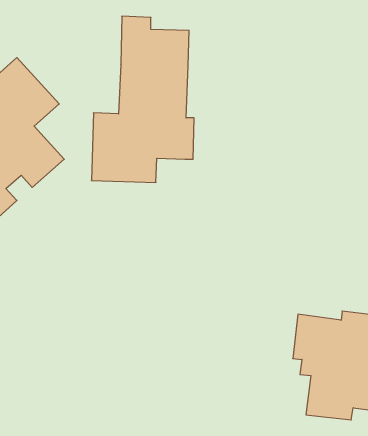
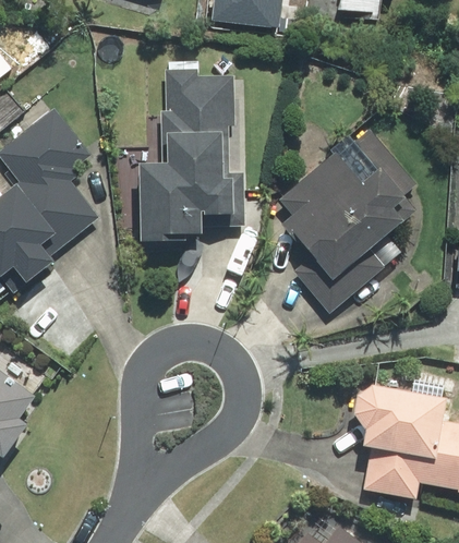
building: none -> [278,128,418,311]

